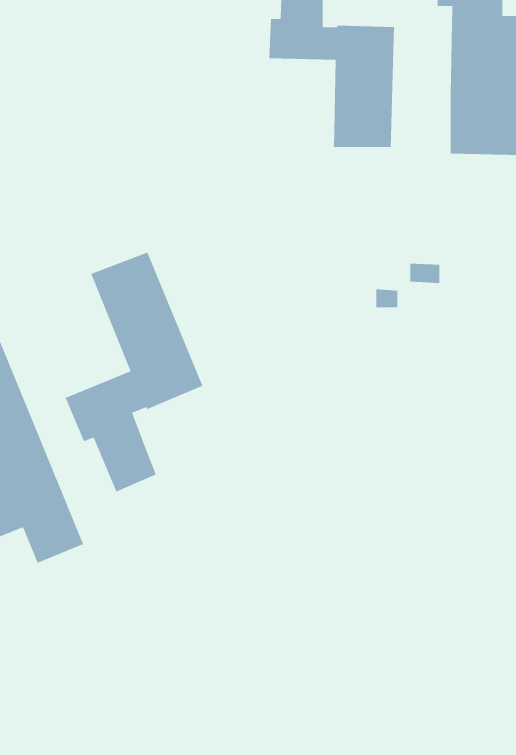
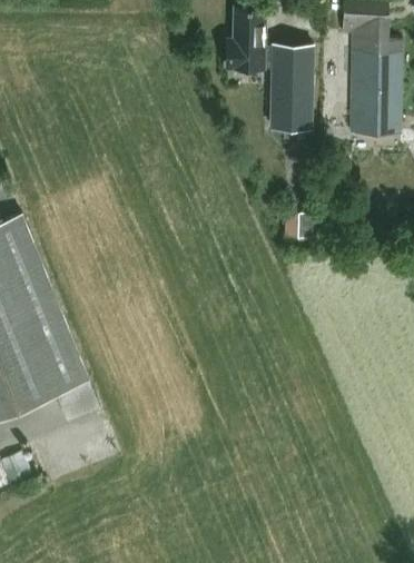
building: [64,252,204,492] -> none

